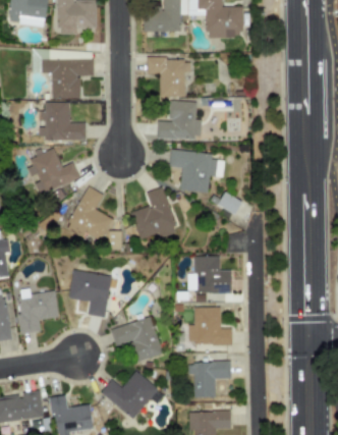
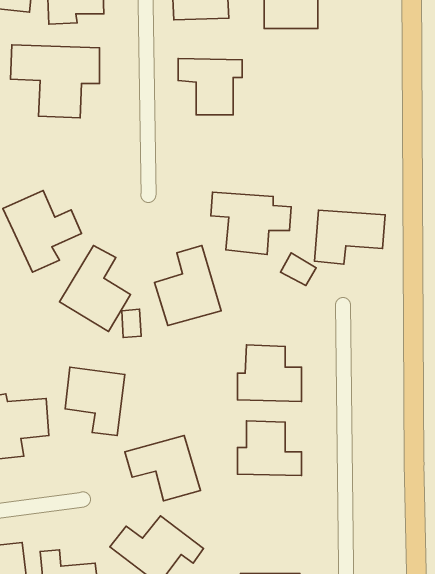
building: [158,101,202,139] -> none
building: [39,103,87,140] -> none
building: none -> [315,210,385,264]
building: [188,362,232,397] -> none

